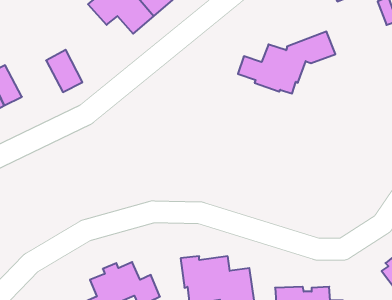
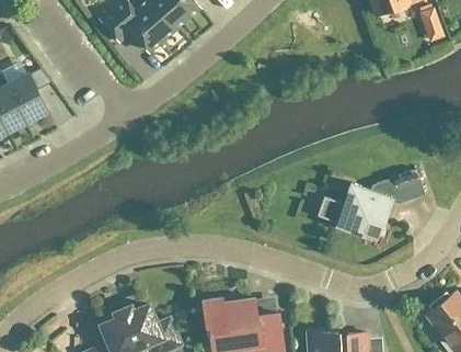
building: [238,32,335,94] -> [318,169,426,238]
building: [46,50,82,92] -> [8,73,48,121]

